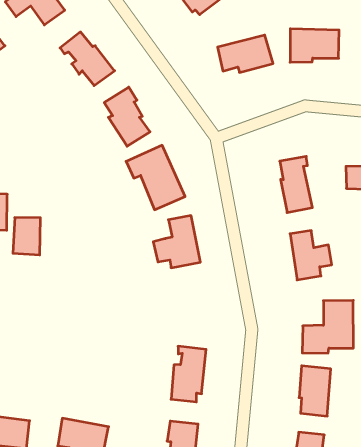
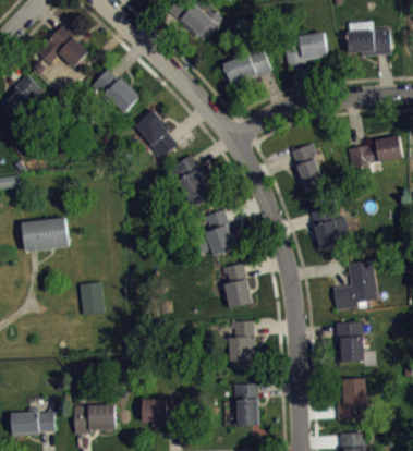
building: [13,218,40,255] -> [78,281,105,315]
building: none -> [221,263,253,308]

